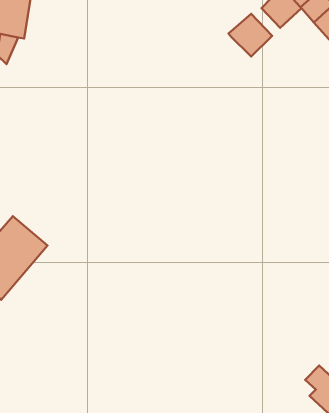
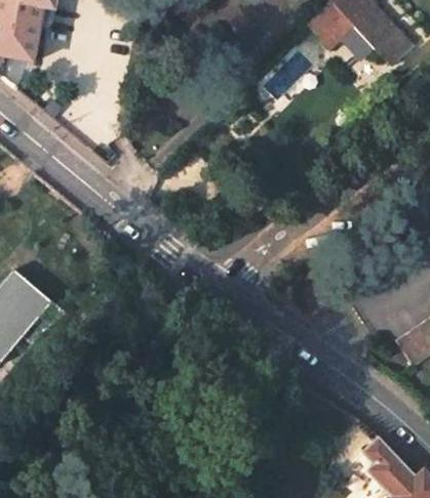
building: [228,14,272,57] -> none

